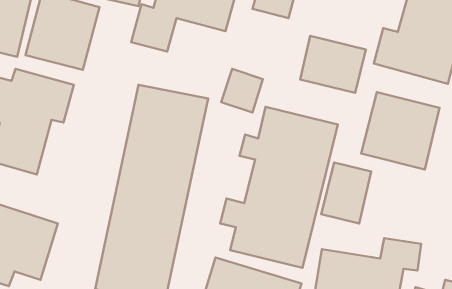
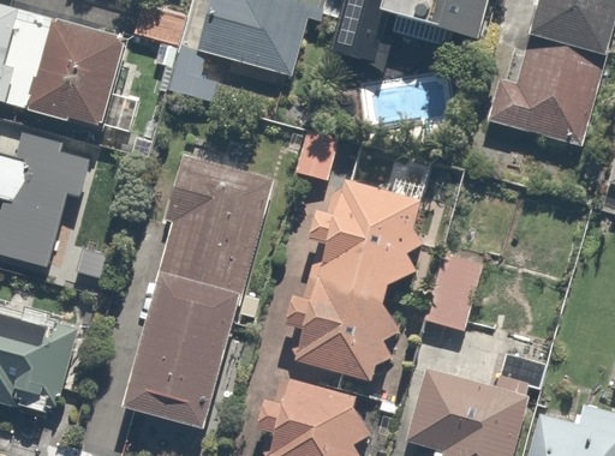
building: [300,36,366,93] -> none
building: [361,92,440,169] -> none

